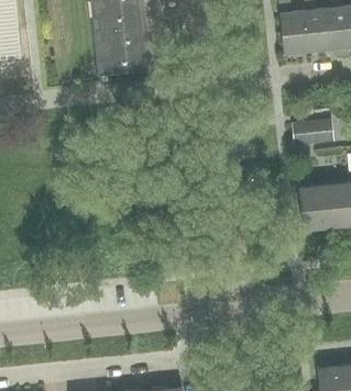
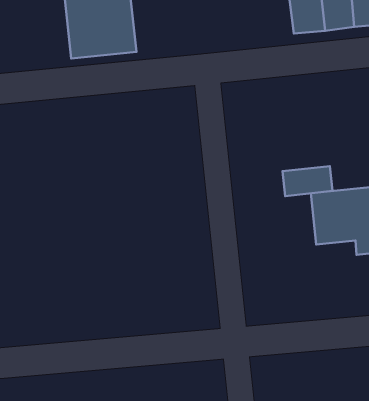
building: [292,119,333,144] -> [283,166,332,196]

